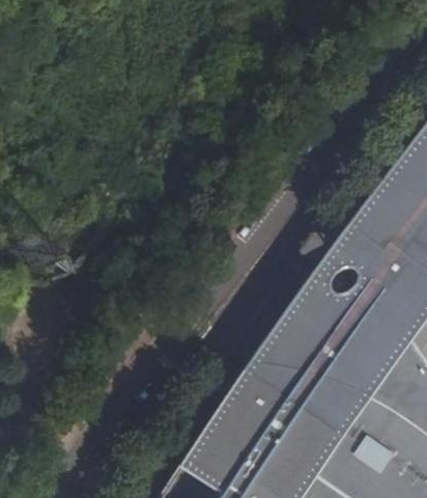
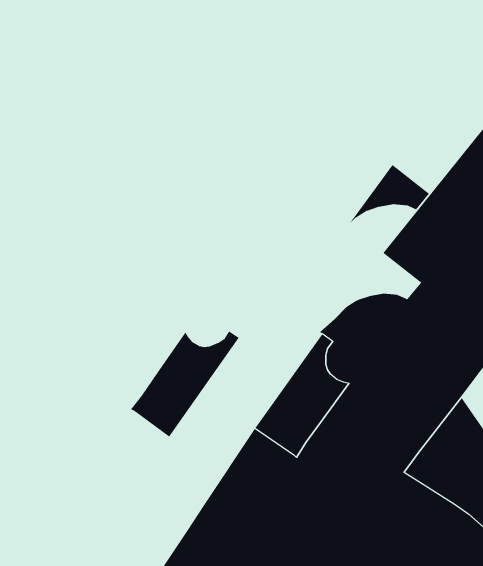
building: [295,240,362,290] -> [344,164,430,230]
building: none -> [130,331,240,437]

